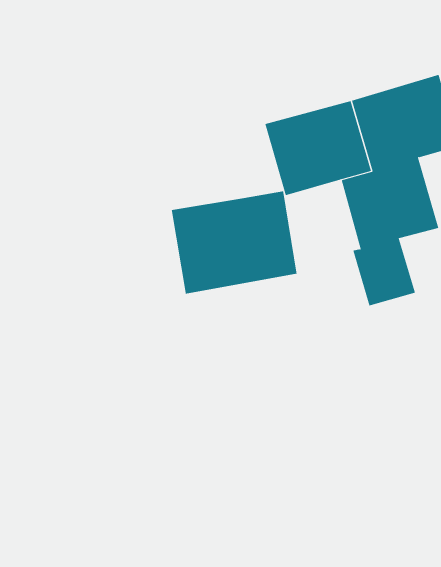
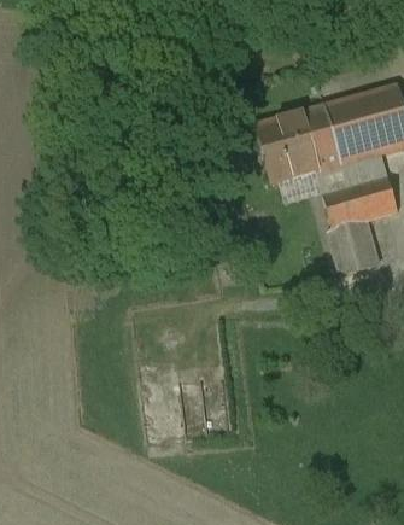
building: [171,191,297,294] -> none

